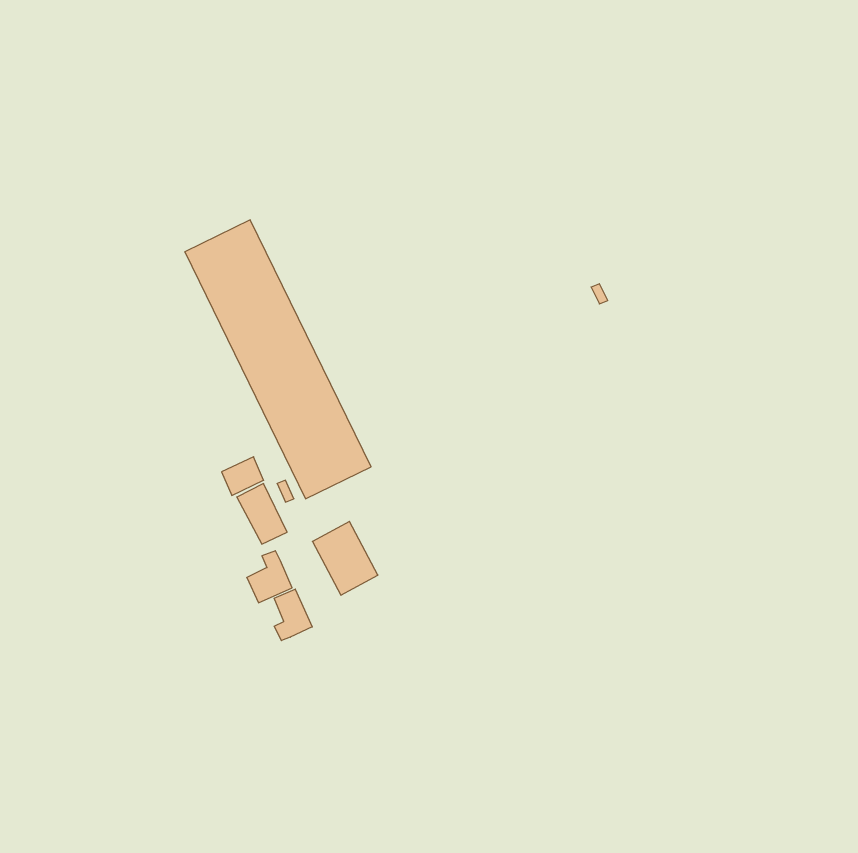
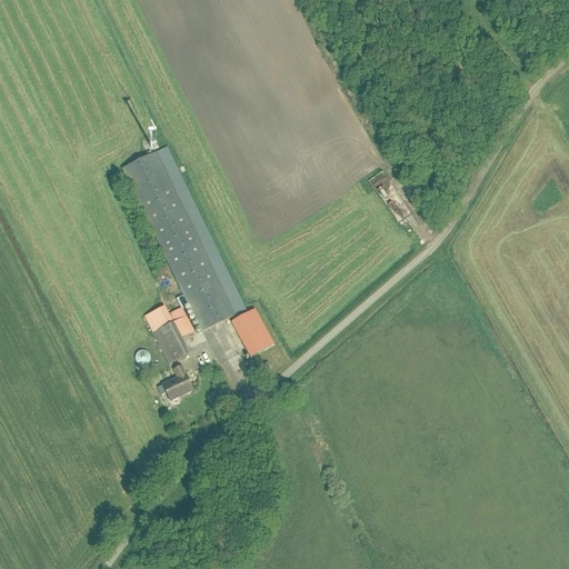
building: [312,521,378,595] -> [231,307,274,356]
building: [274,589,312,641] -> none

